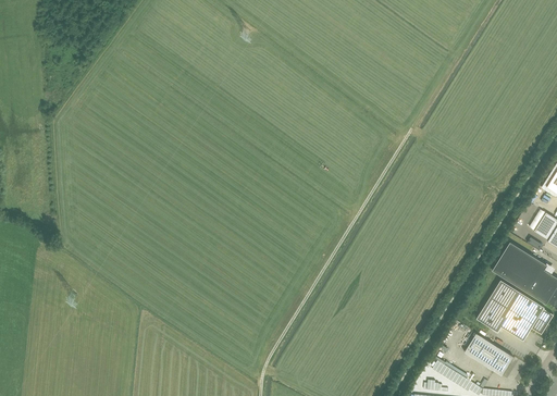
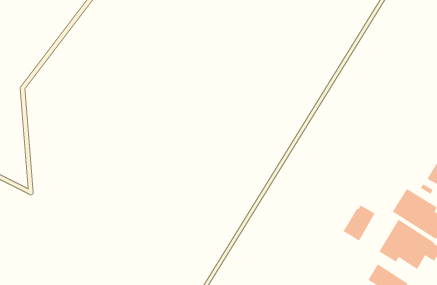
building: none -> [343,205,375,242]

